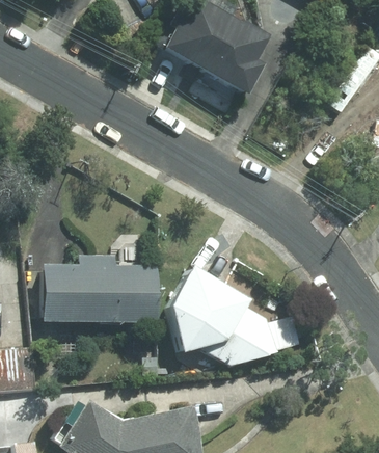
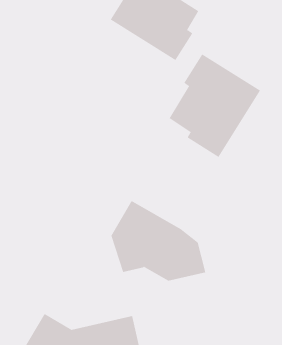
building: none -> [169,54,261,158]
building: [38,255,157,323] -> none

